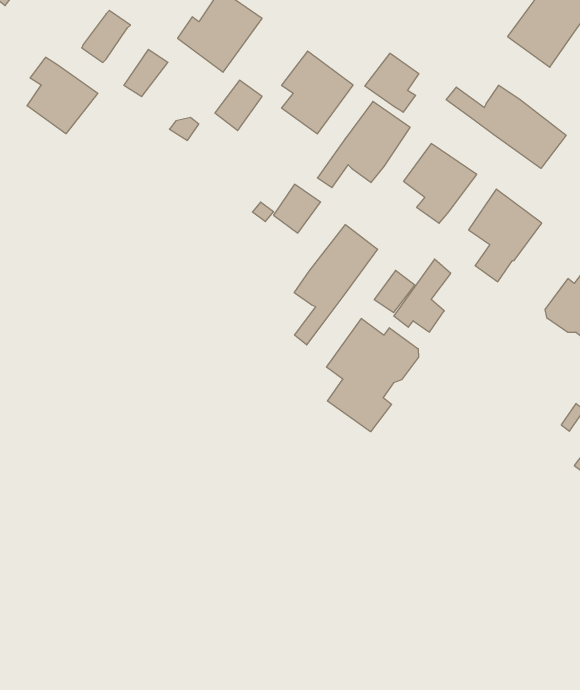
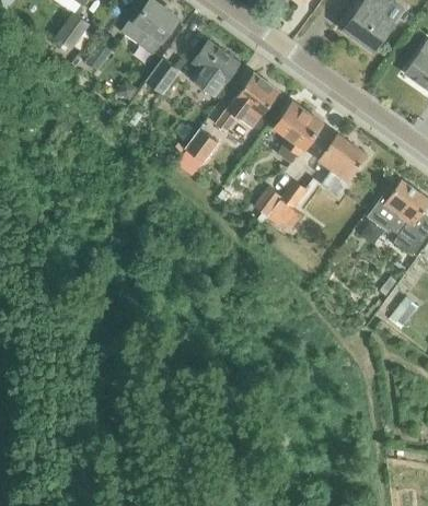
building: [365,53,419,112] -> none
building: [27,57,98,134] -> none
building: [446,85,566,168] -> none
building: [294,225,378,345] -> none
building: [326,318,418,432] -> none

